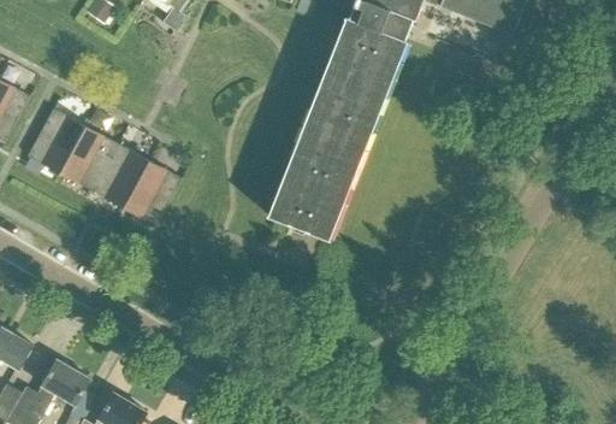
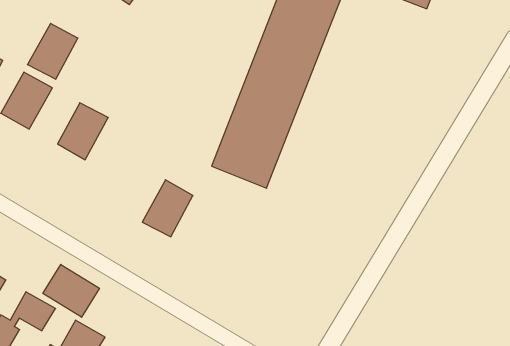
building: [59,126,117,190] -> [27,23,78,79]
building: [123,160,180,225] -> [142,180,193,237]
building: none -> [43,264,99,317]

